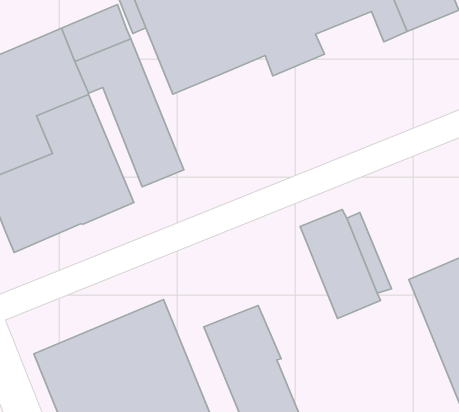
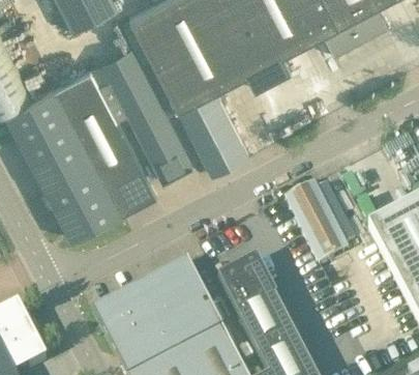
building: none -> [180,87,249,170]

